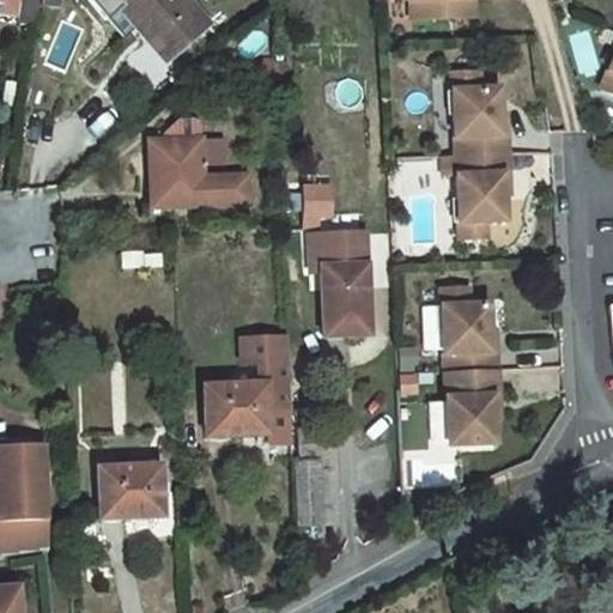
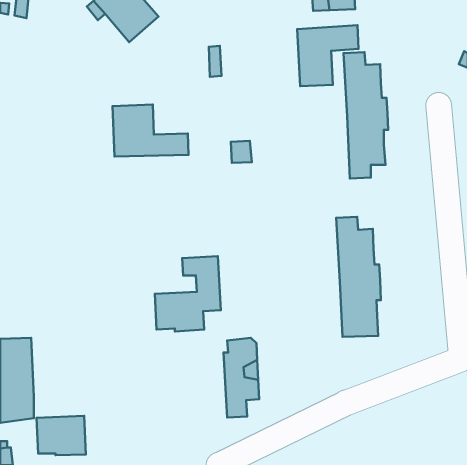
building: none -> [297,25,359,86]
building: [309,231,369,334] -> none
building: [98,463,163,515] -> [36,416,86,455]

